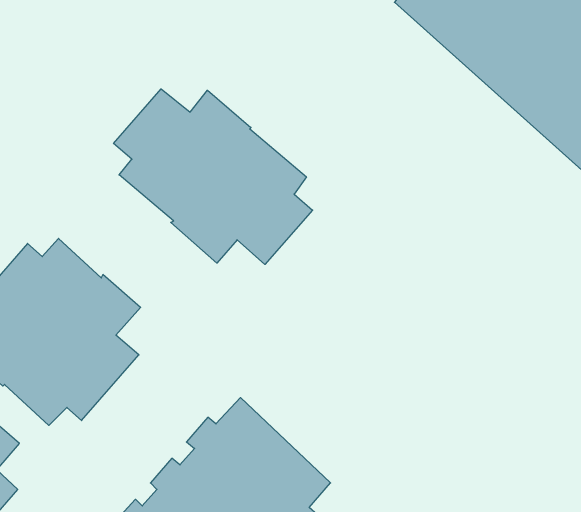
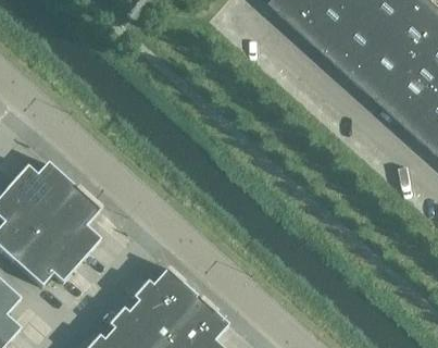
building: [114,89,313,264] -> none

